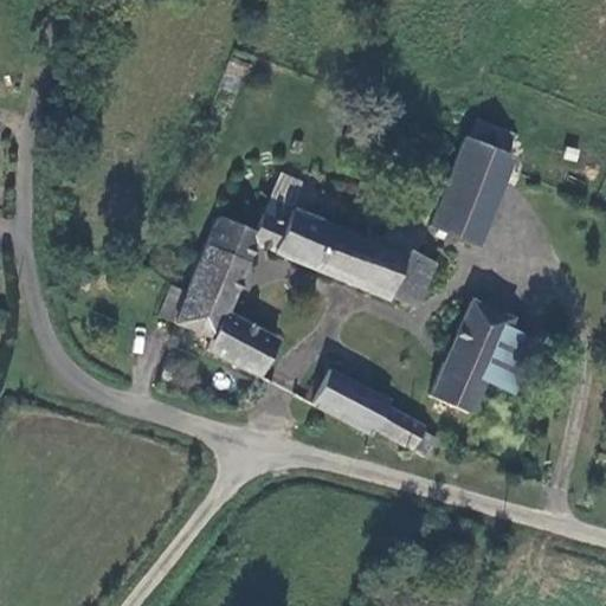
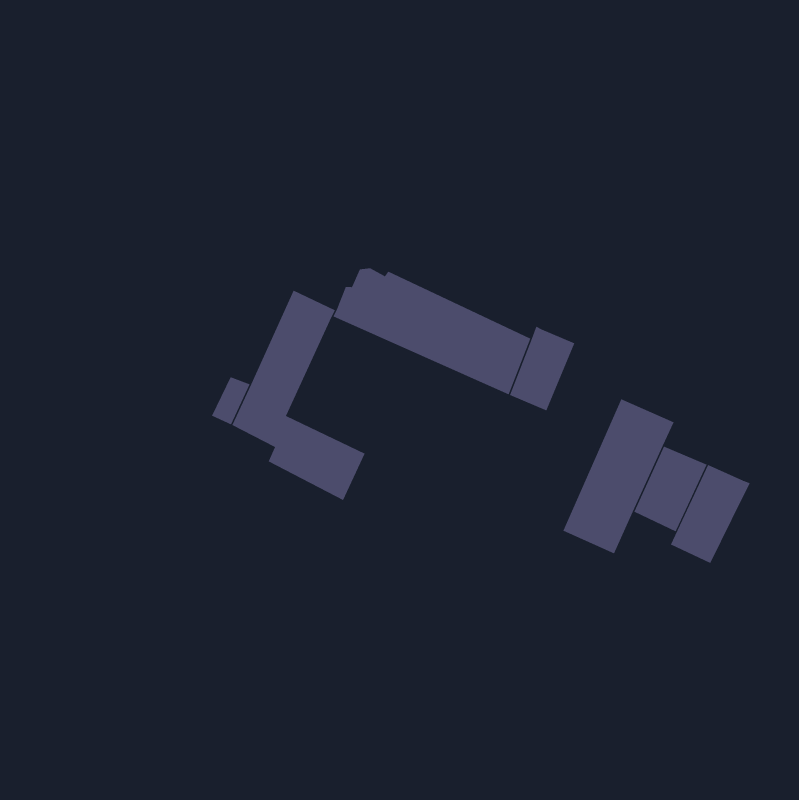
building: [433,136,517,243] -> none
building: none -> [670,464,751,564]
building: [314,366,439,457] -> none

